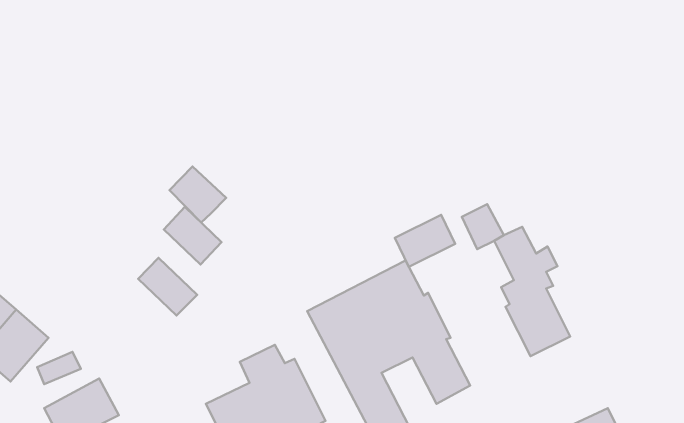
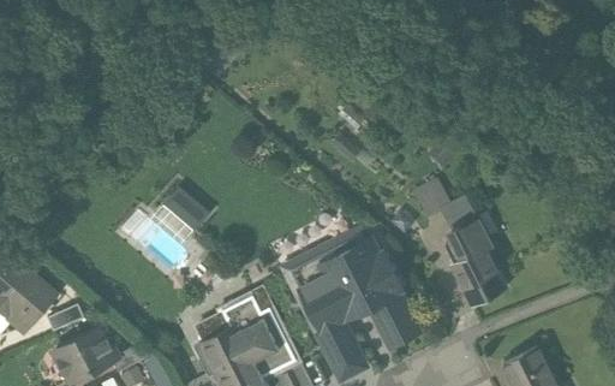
building: [170,166,226,223] -> none
building: [395,215,455,267] -> none
building: [138,258,197,316] -> none

